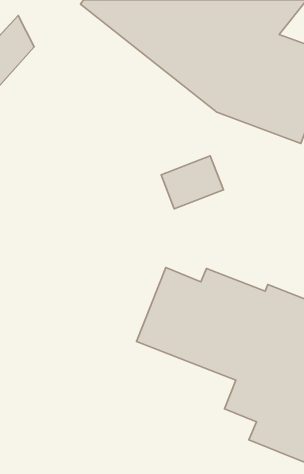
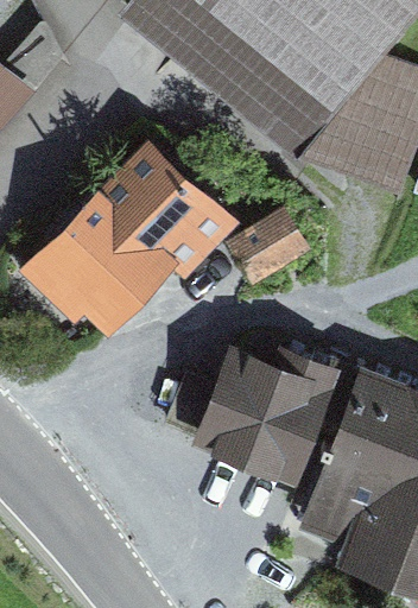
building: none -> [31,153,214,337]

